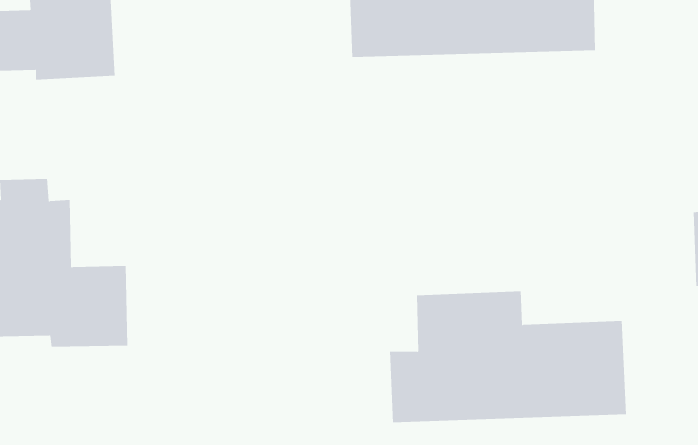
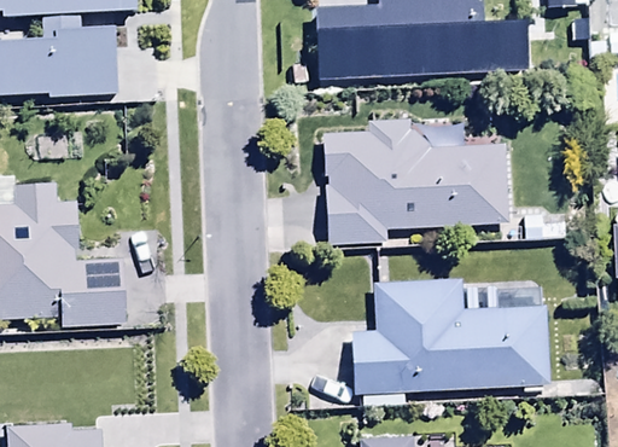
building: none -> [321,118,508,244]

